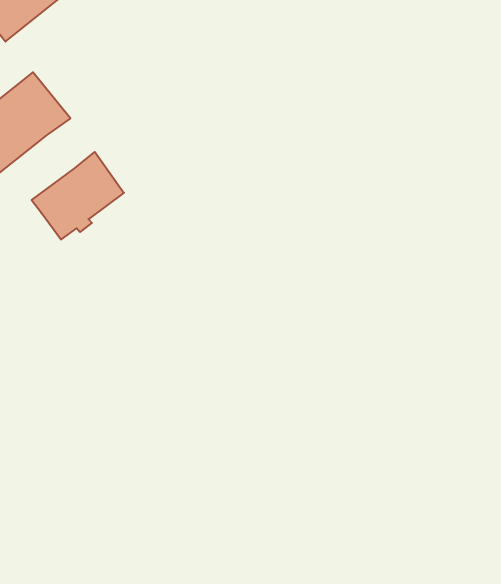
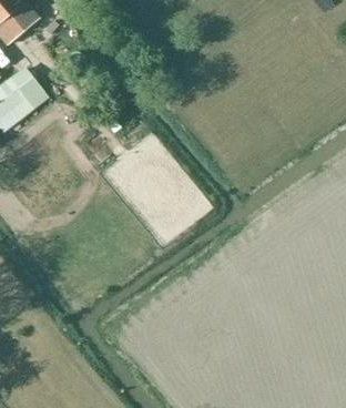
building: [32,152,124,240] -> none

